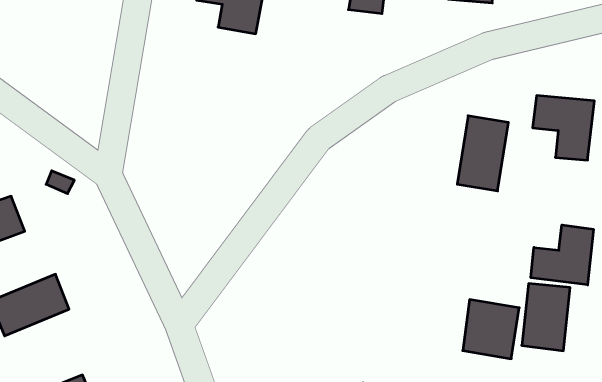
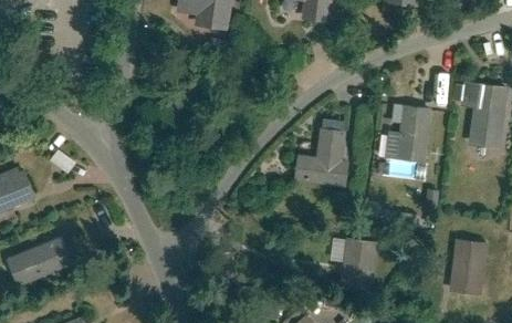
building: none -> [290,129,354,191]
building: [531,225,593,285] -> none
building: [463,300,519,359] -> [336,235,383,283]

